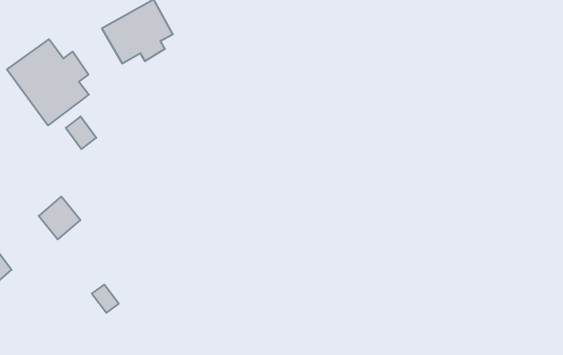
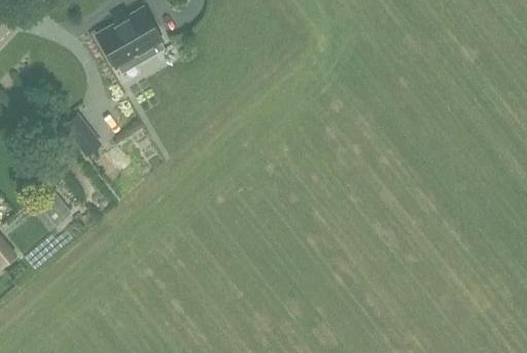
building: [7,39,89,125] -> none

